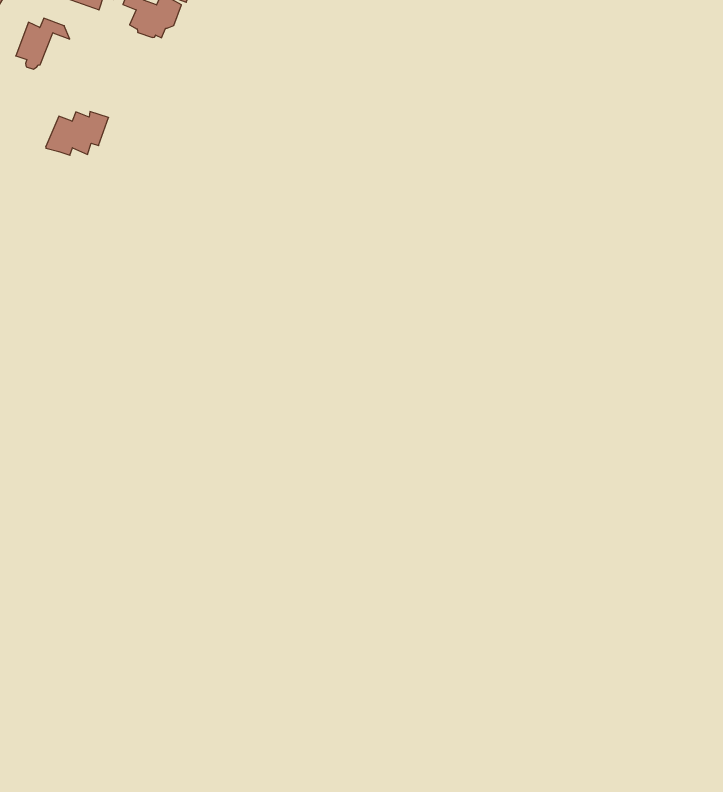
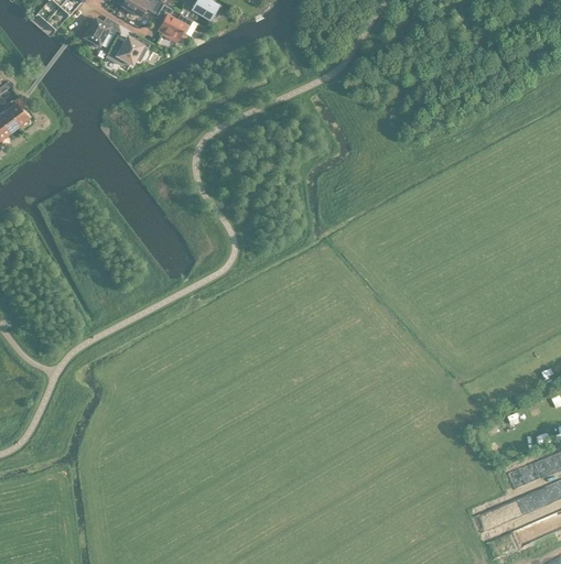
building: [46,112,109,155] -> [107,36,149,64]

